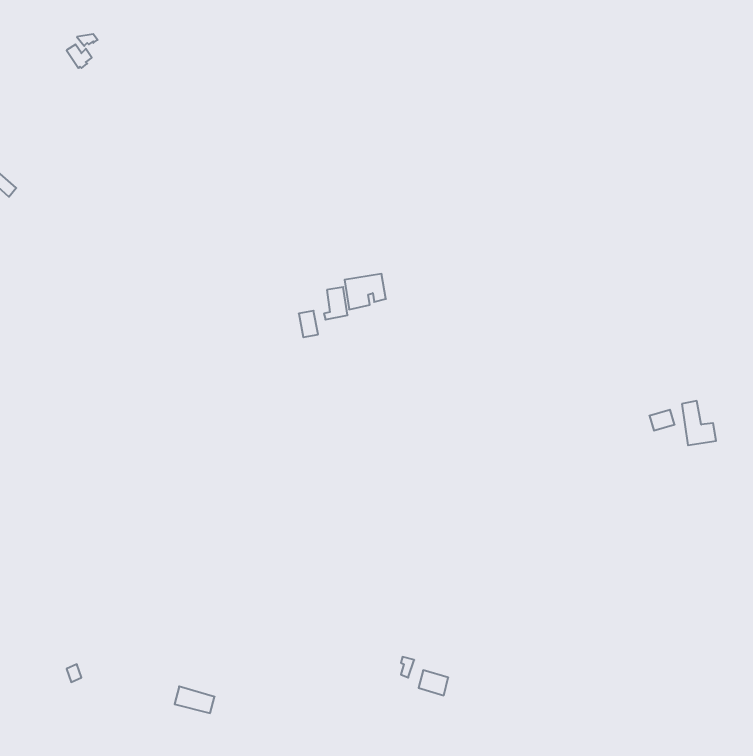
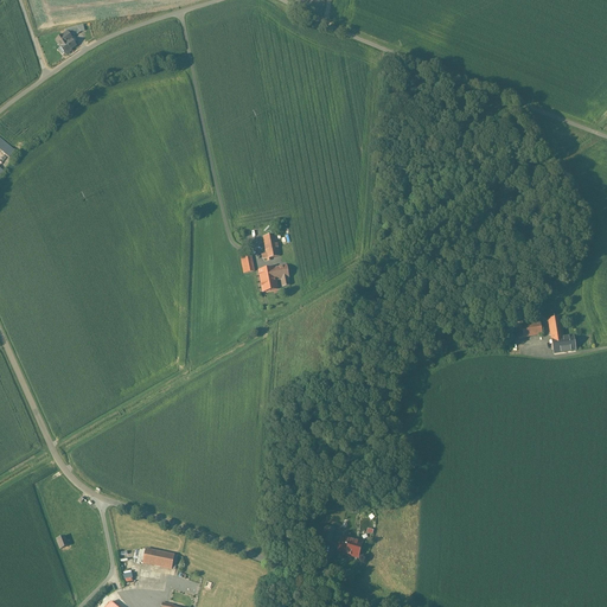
building: [345,274,386,309] -> [257,261,290,289]

